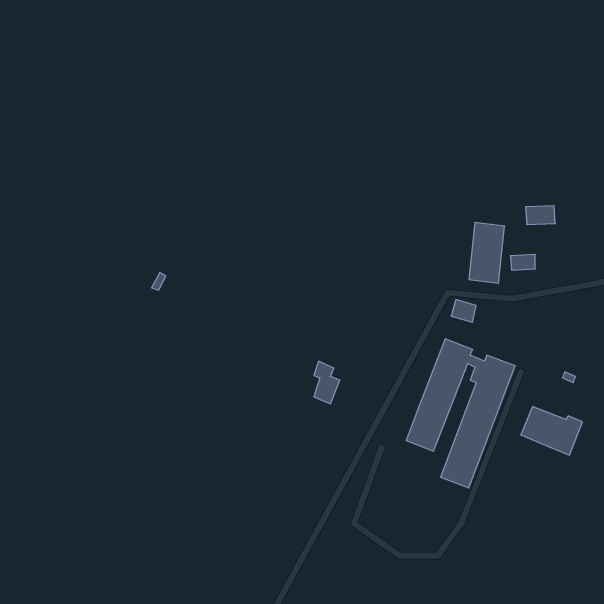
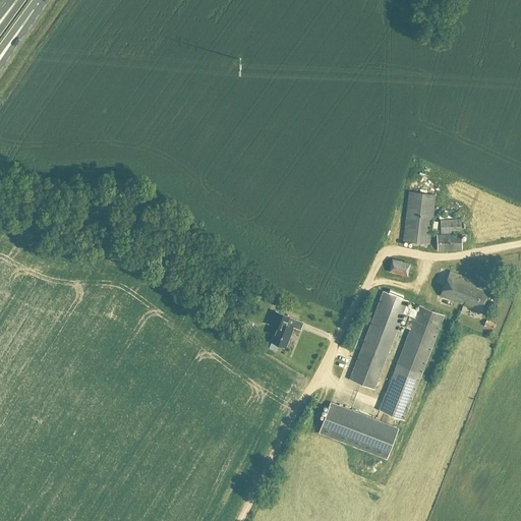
building: [526,206,555,225] -> [436,234,461,250]
building: [521,406,582,455] -> [439,271,491,312]
building: none -> [319,402,397,458]

